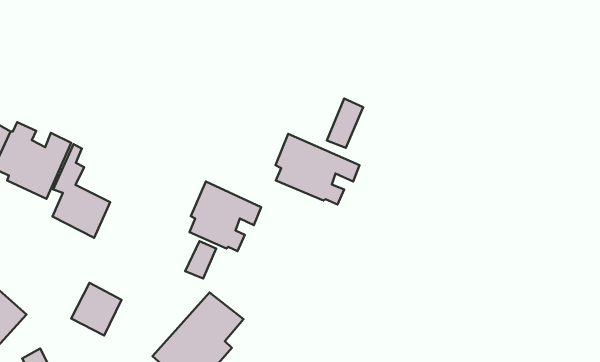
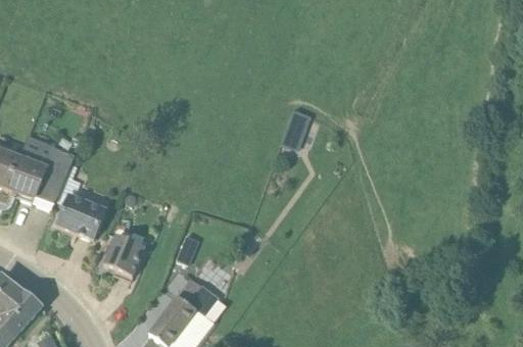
building: [275,134,360,205] -> none
building: [189,182,261,251] -> none
building: [71,283,121,336] -> [102,234,143,277]

